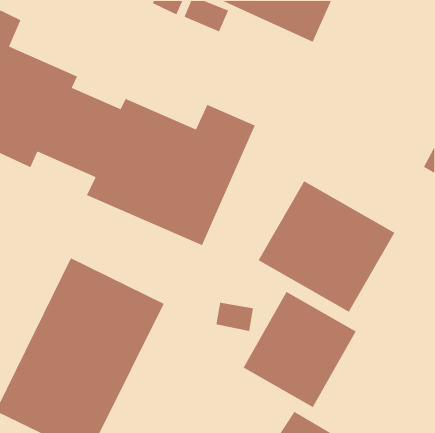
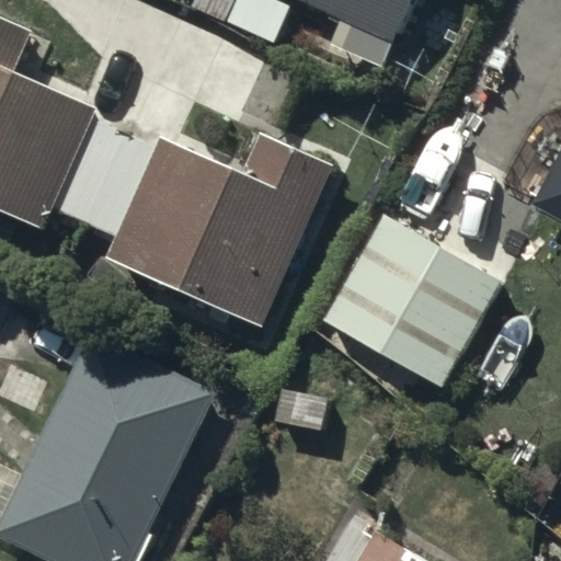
building: [242,291,357,408] -> none

